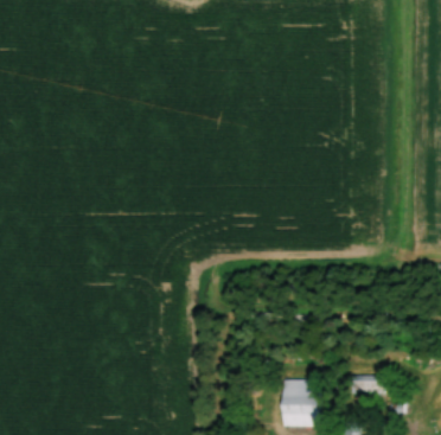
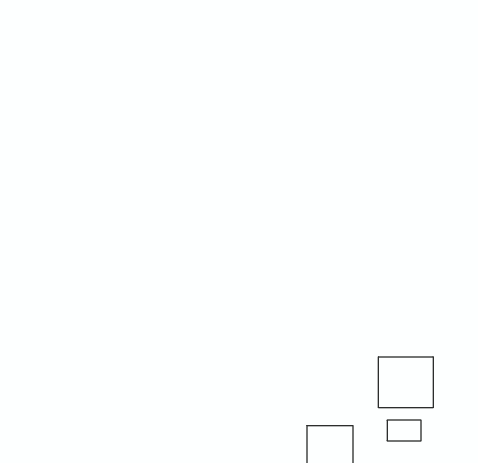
building: none -> [379,357,433,408]

